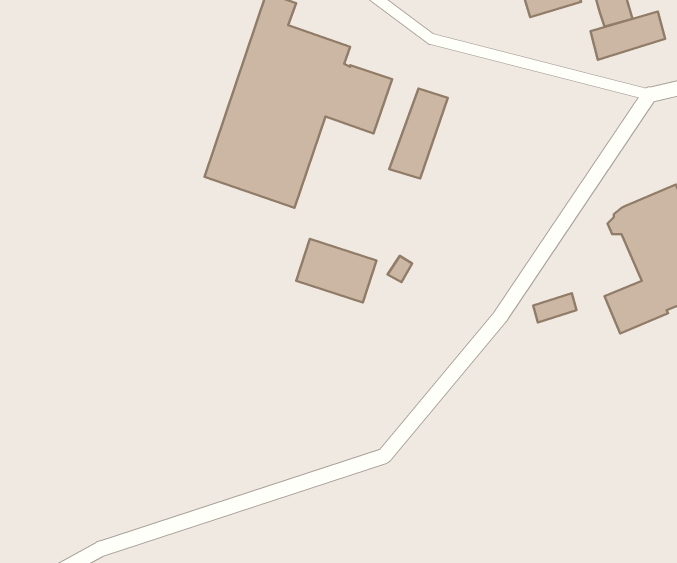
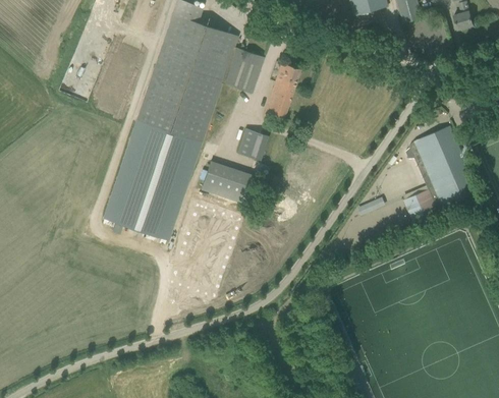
building: [590,11,665,60] -> none
building: none -> [107,120,200,238]
building: none -> [237,127,267,159]

